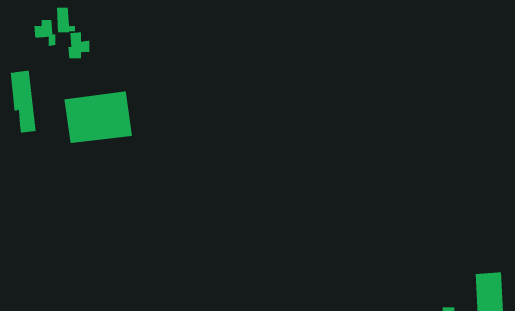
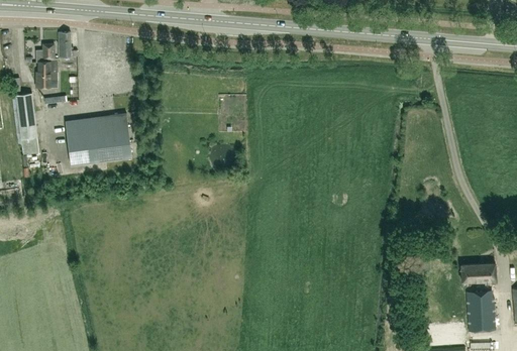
building: [68,32,90,59] -> [35,62,58,88]
building: none -> [460,263,496,283]

